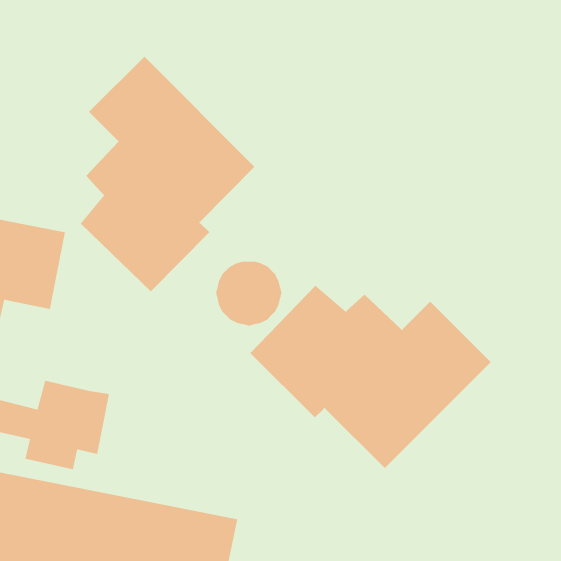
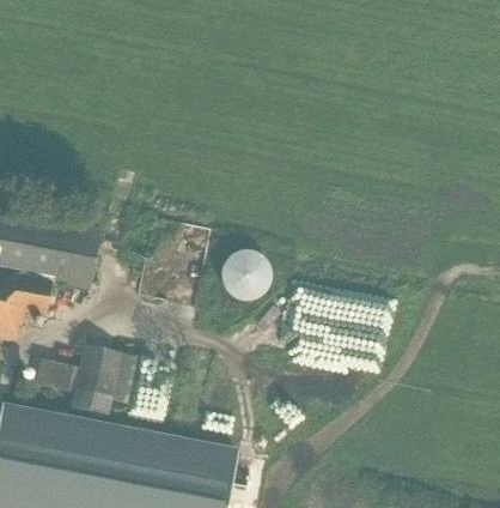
building: [80,56,255,292] -> none
building: [249,285,492,469] -> none

